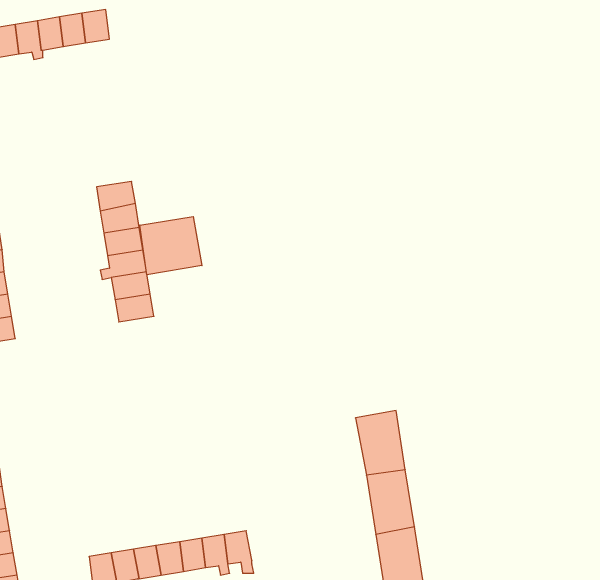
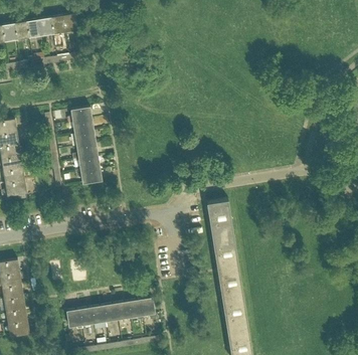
building: [140,217,202,275] -> none
building: none -> [206,199,233,235]

